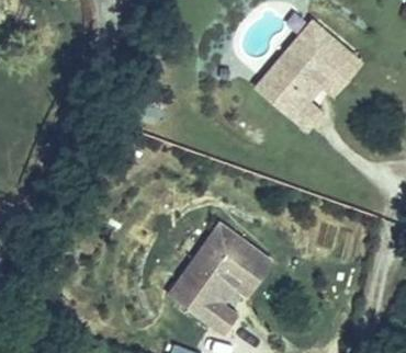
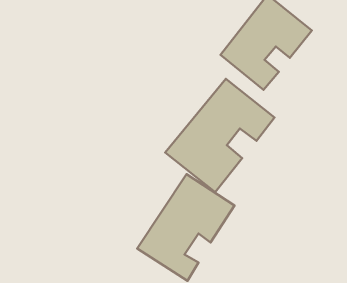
building: none -> [165,79,274,192]

